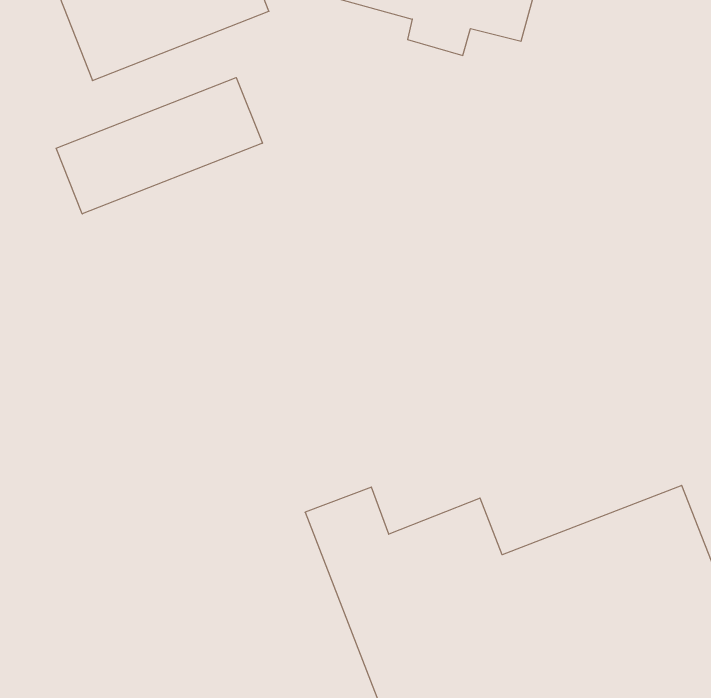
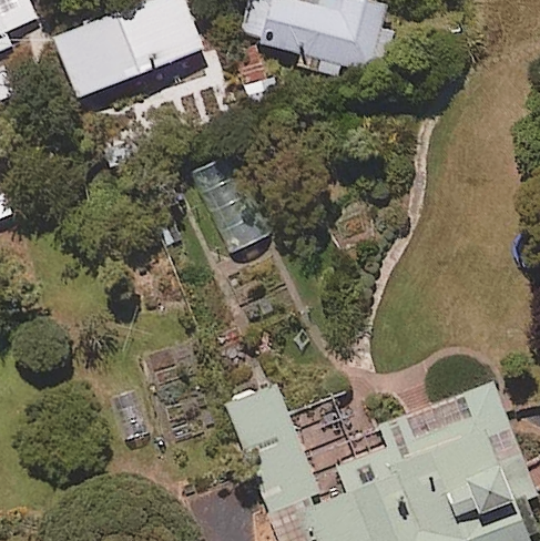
building: [56,78,262,214] -> none

